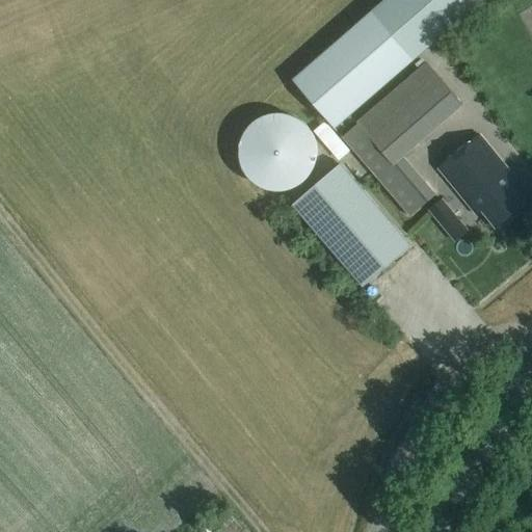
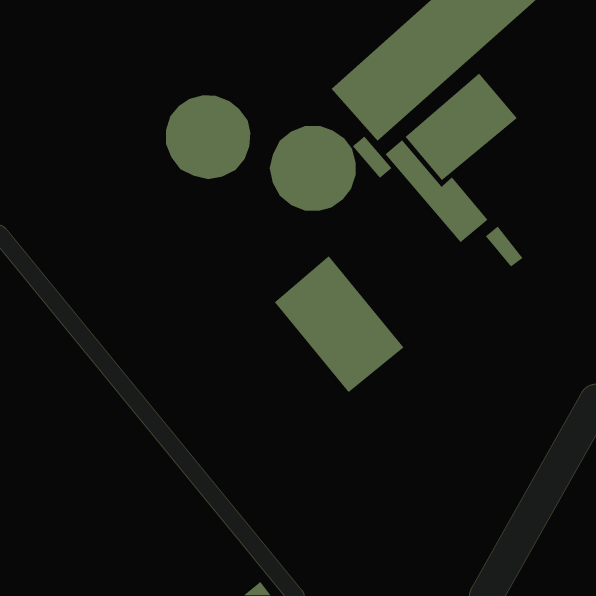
building: none -> [165,95,251,180]
building: [437,135,525,228] -> none
building: [293,165,409,288] -> [274,255,405,393]

